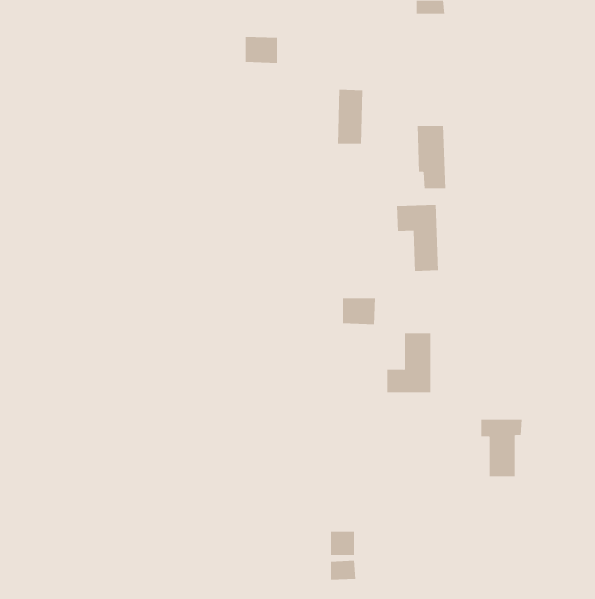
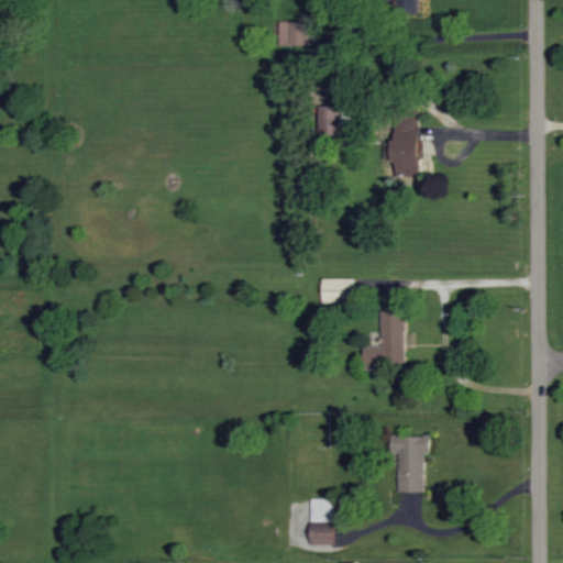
building: [245,36,278,63] -> [277,21,308,46]
building: [397,204,439,272] -> none
building: [480,419,523,477] -> [389,438,429,492]

